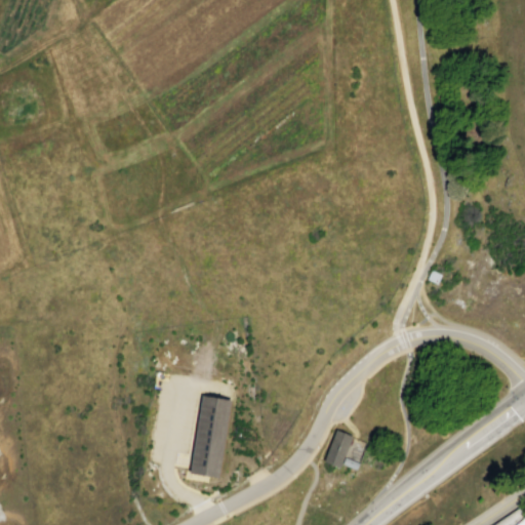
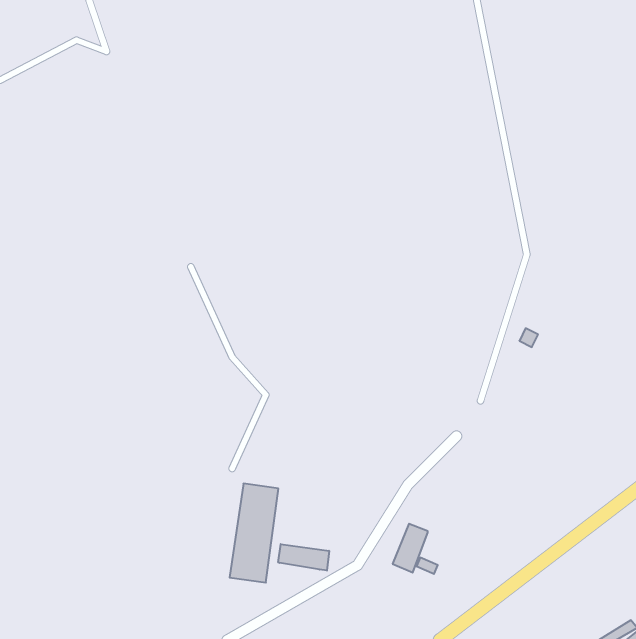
building: none -> [278,544,329,571]

